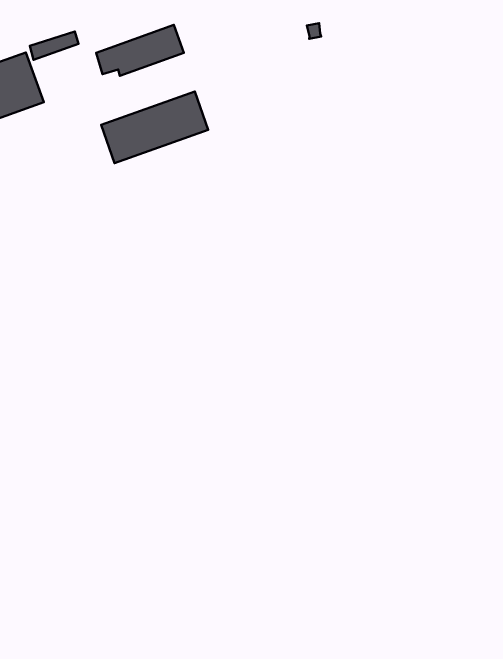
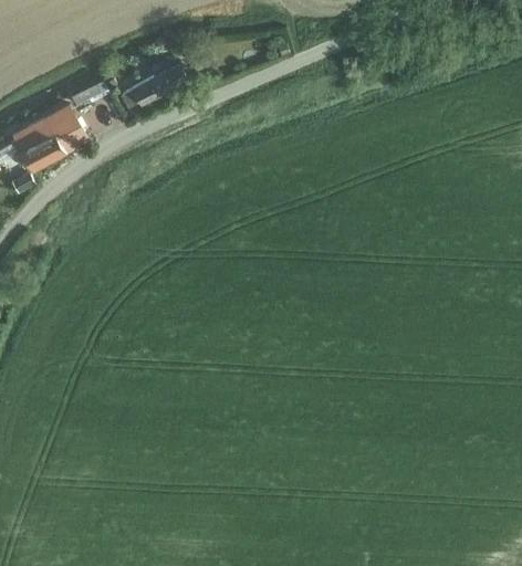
building: [101,92,208,163] -> none

